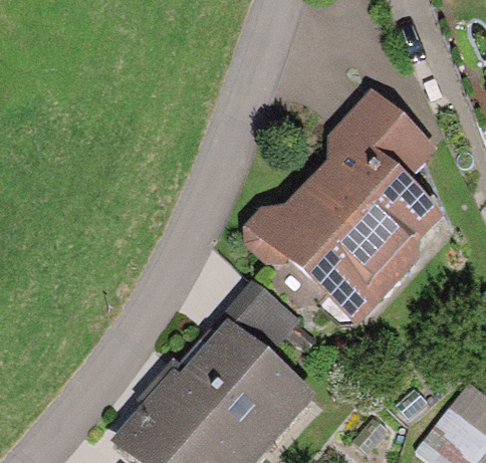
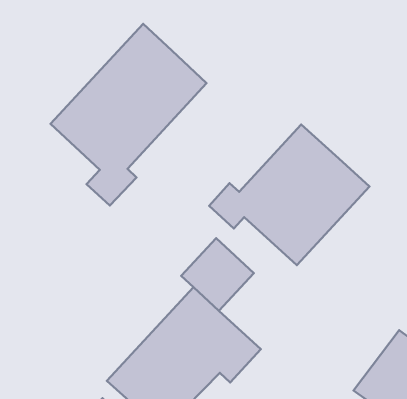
building: none -> [51,24,207,205]
building: [347,97,430,185] -> none

